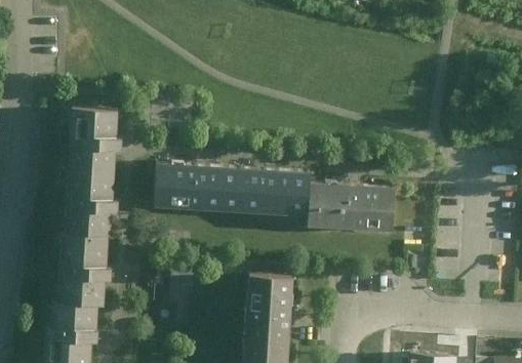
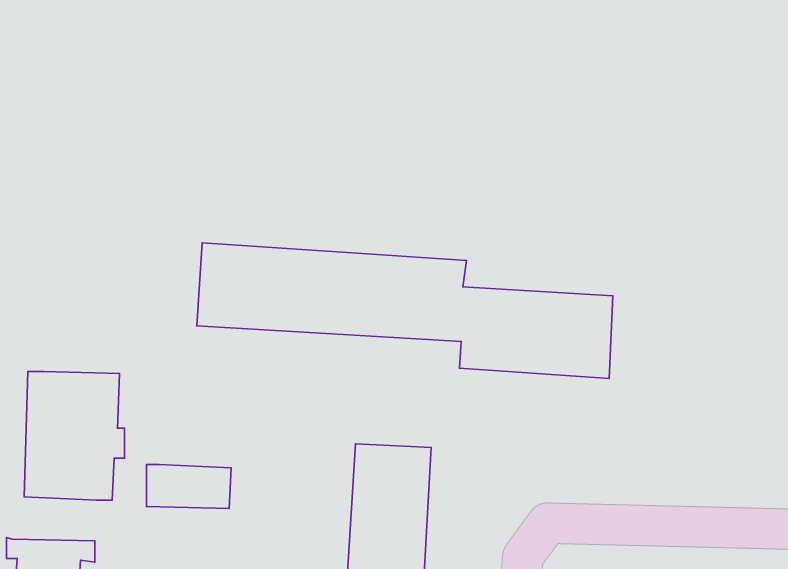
building: [66,110,121,233] -> none
building: [47,305,96,330] -> [146,464,231,508]

